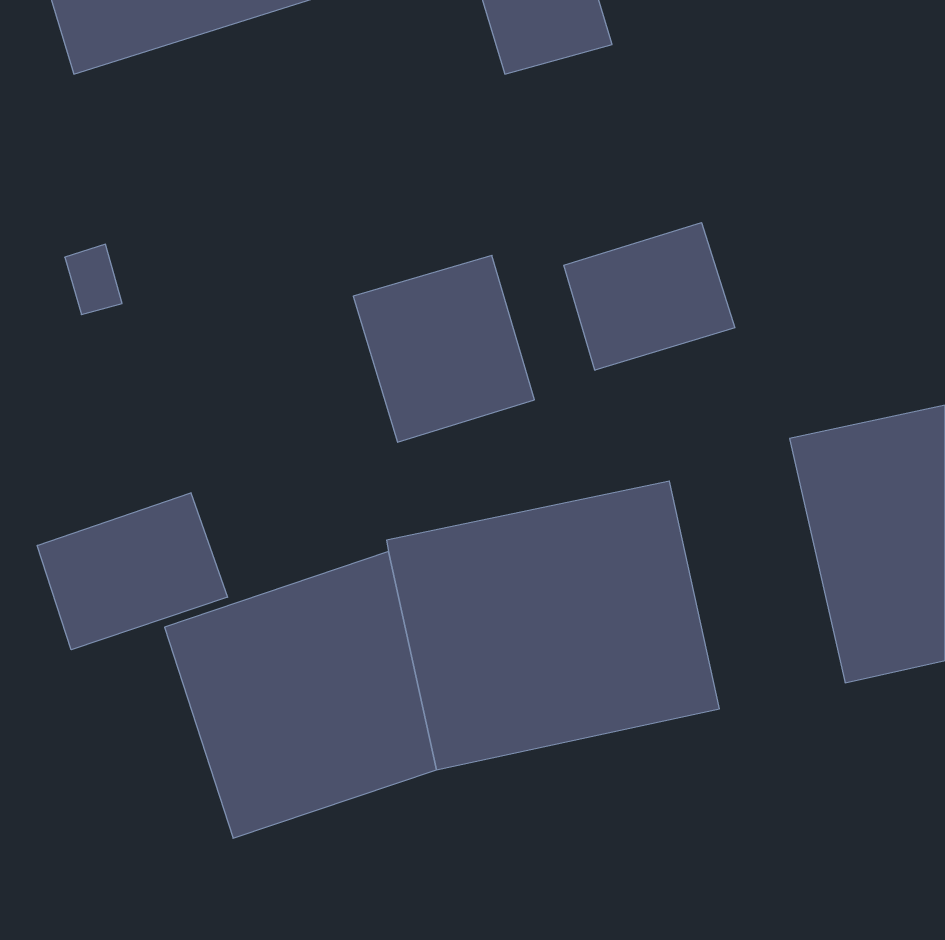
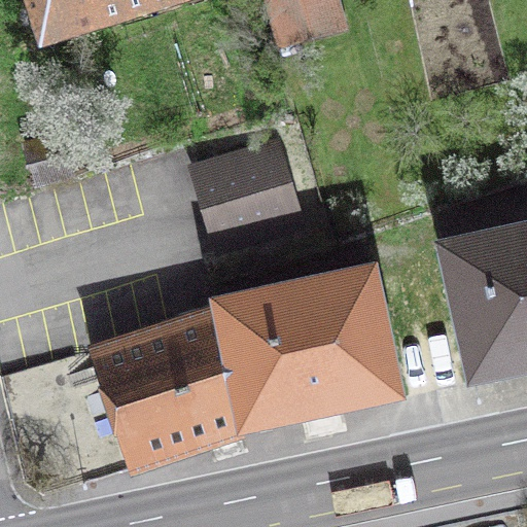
building: [564,223,735,370] -> none
building: [37,493,228,650] -> none

